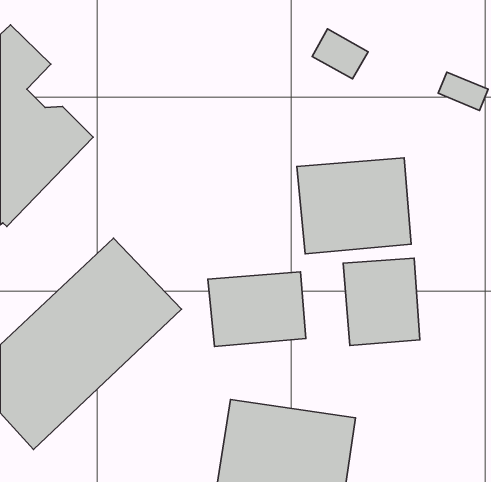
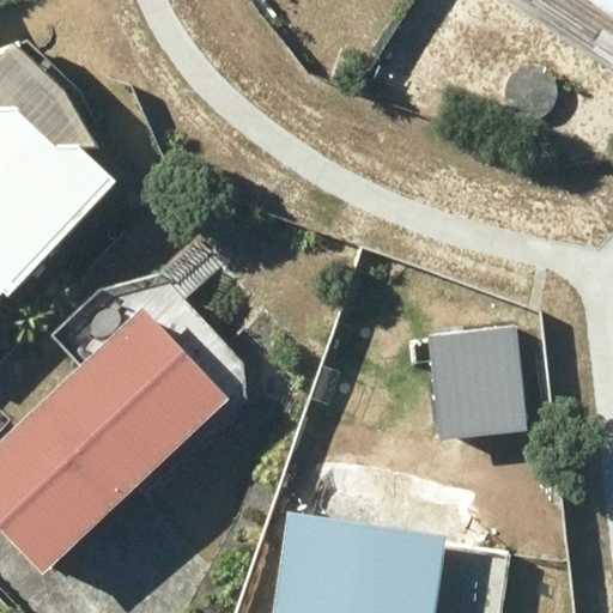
building: [297,158,411,254] -> none
building: [208,272,306,347] -> none

